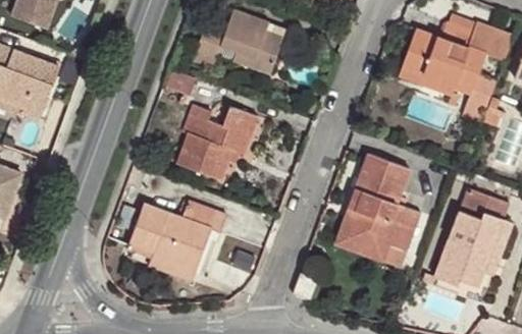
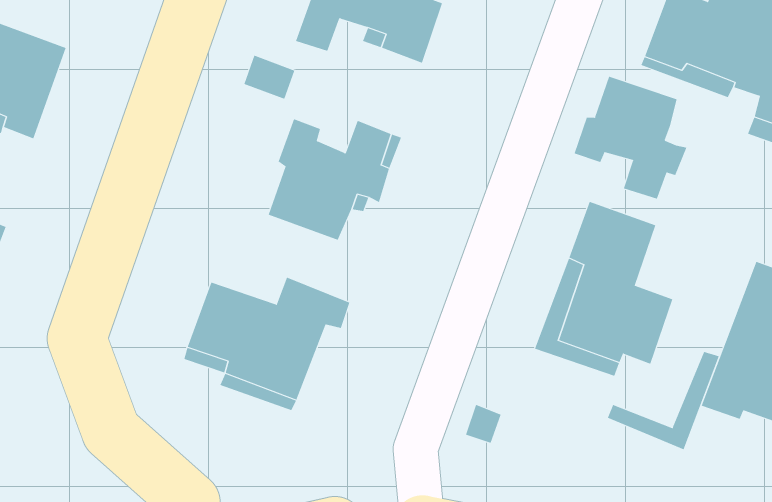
building: none -> [574,76,687,199]
building: none -> [607,351,719,450]

